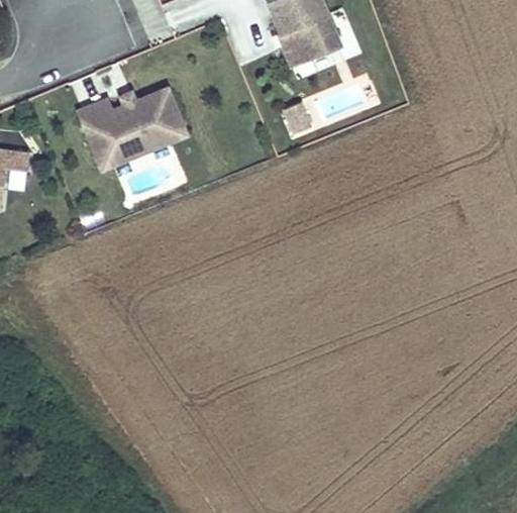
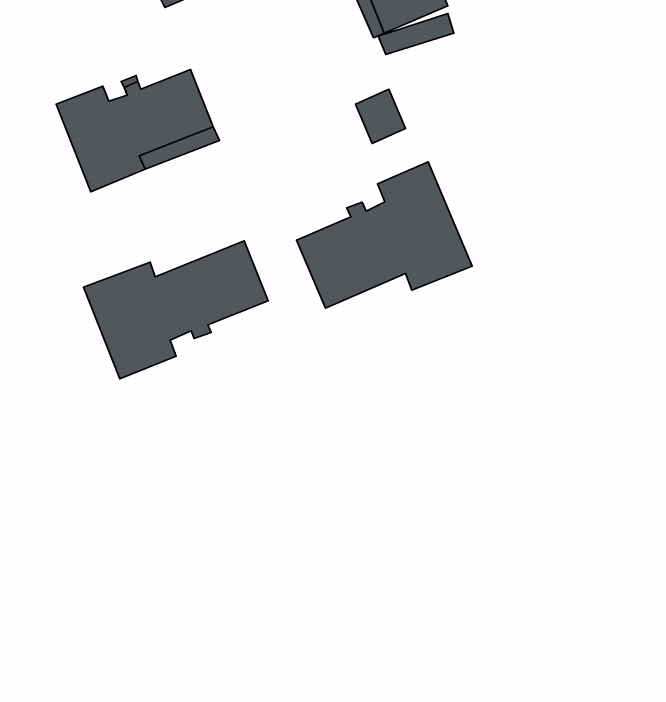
building: none -> [296,162,472,308]
building: none -> [84,241,268,379]

